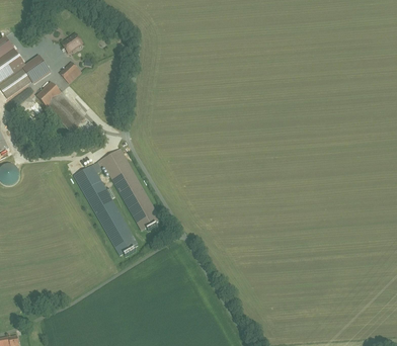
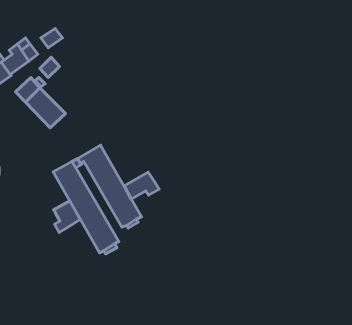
building: none -> [124,172,159,199]
building: none -> [53,201,80,233]

